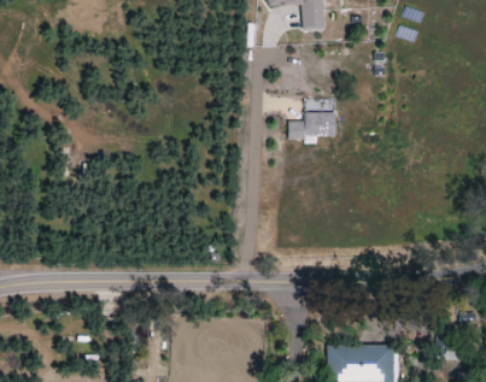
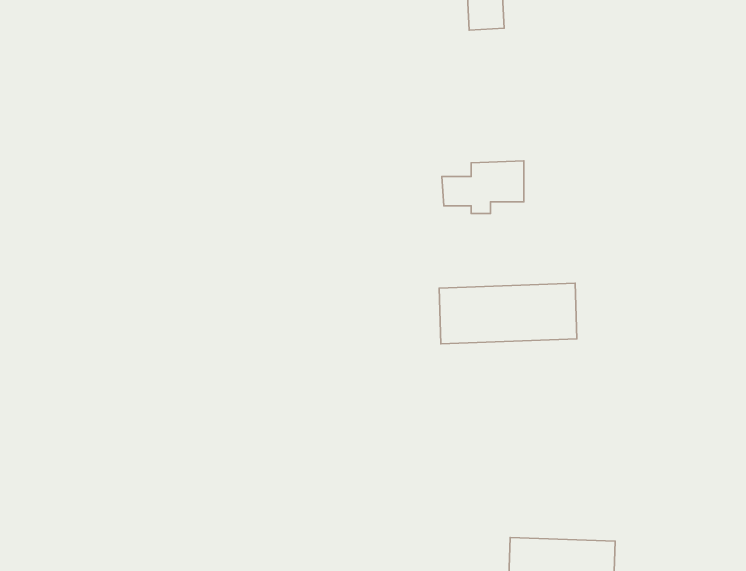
building: none -> [439,283,577,344]

